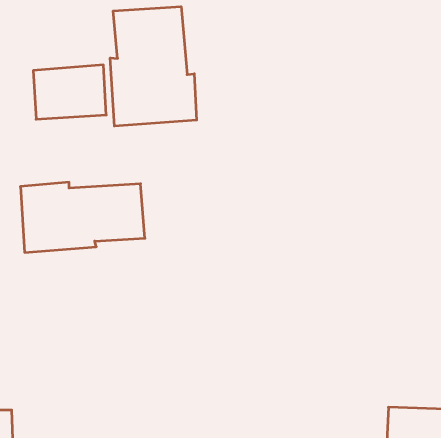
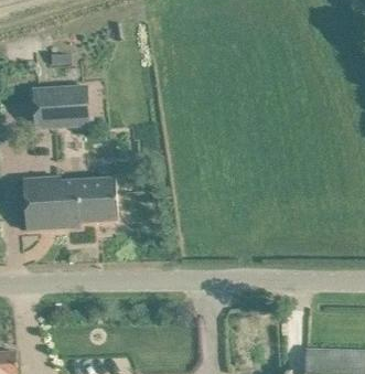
building: [110,7,197,126] -> none

